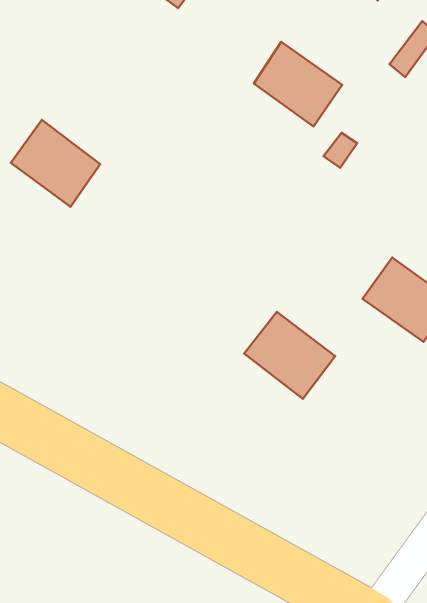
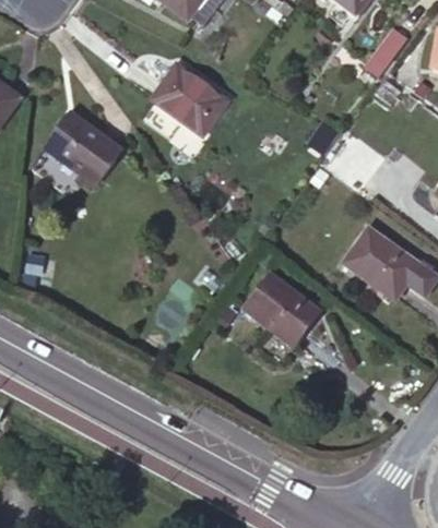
building: [254,42,342,126] -> [153,64,227,135]

